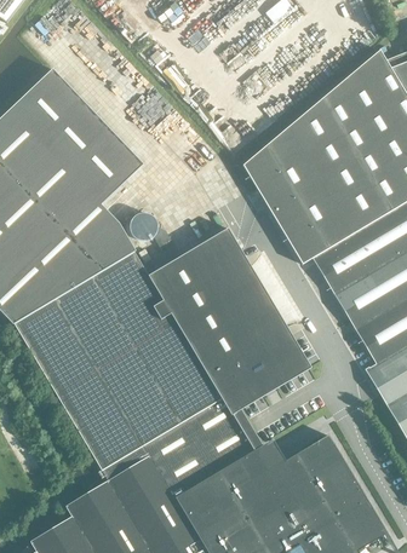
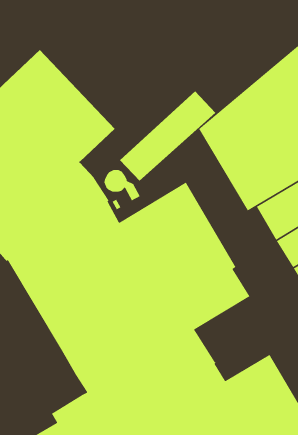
building: none -> [119,90,216,182]

